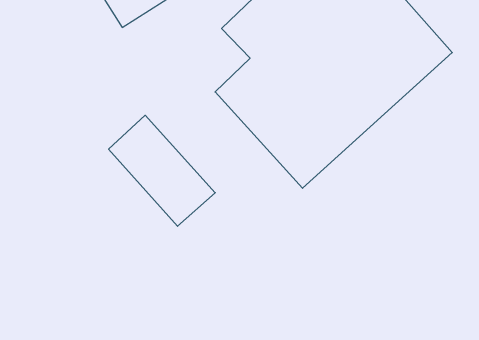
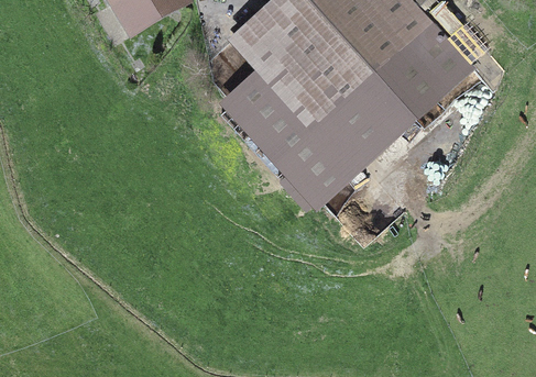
building: [109,115,215,226] -> none

